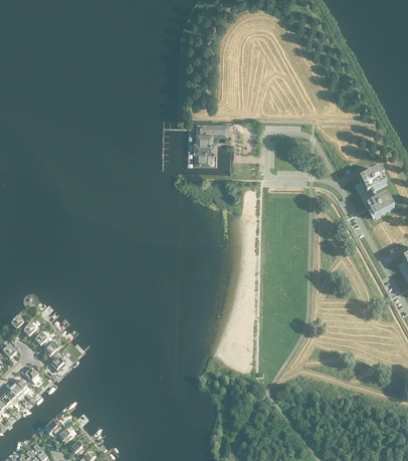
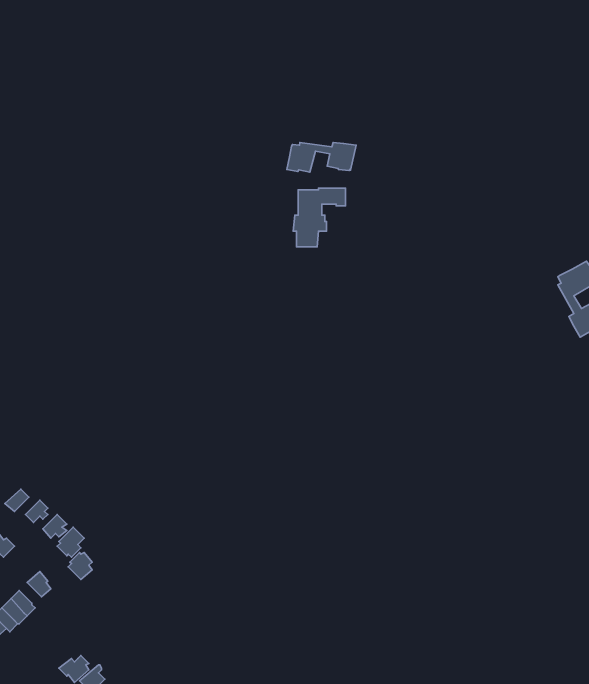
building: none -> [287,142,356,172]

